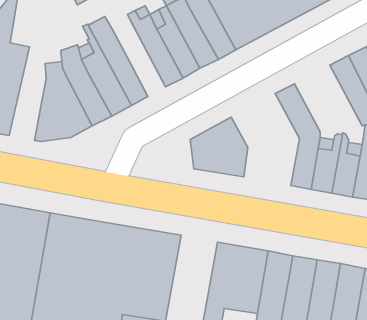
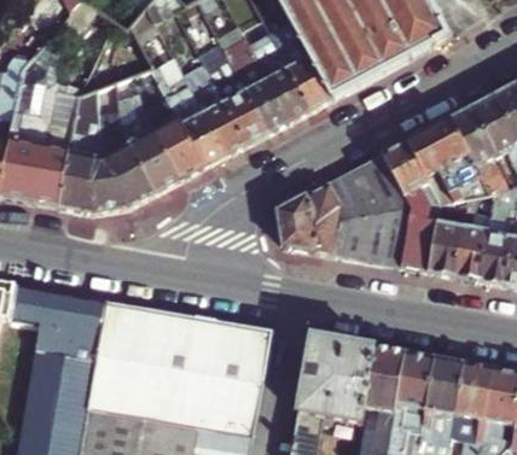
building: none -> [182,62,248,156]
building: none -> [54,88,100,210]
building: none -> [407,117,490,199]
building: none -> [329,152,413,266]

